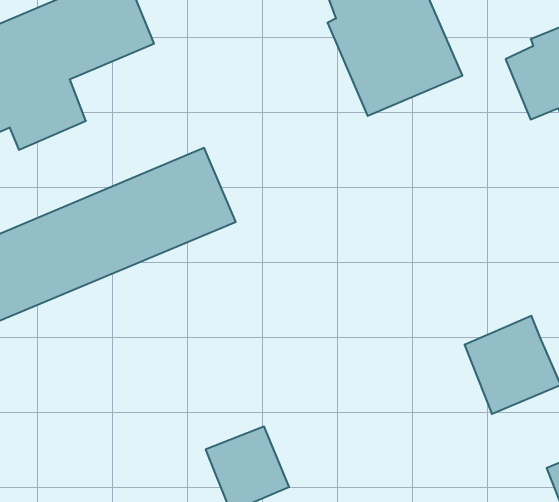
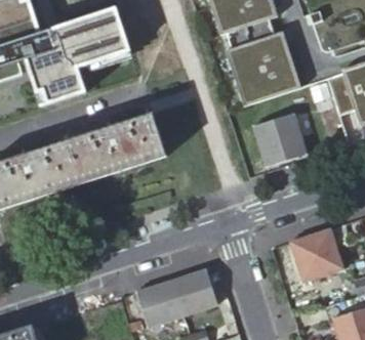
building: none -> [251,113,305,167]
building: none -> [171,265,217,312]

